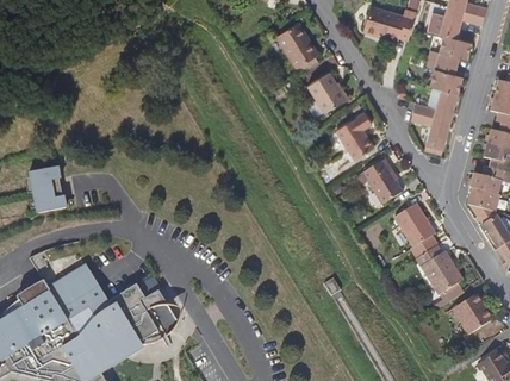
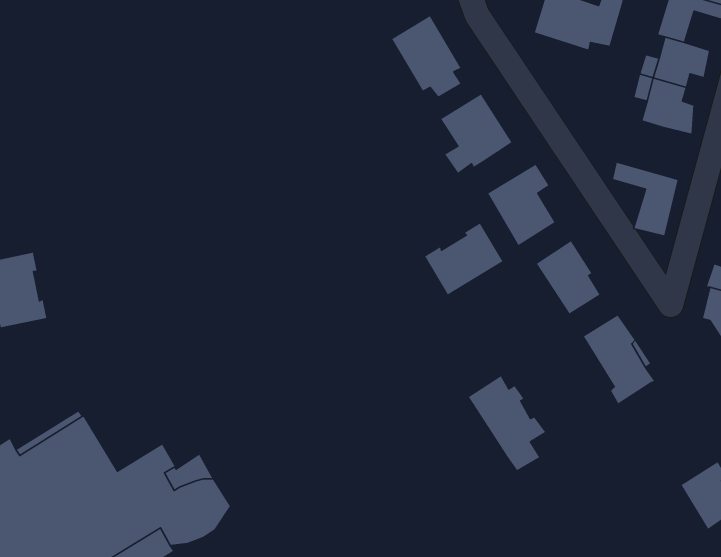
building: [413,89,460,121] -> none
building: none -> [424,222,504,295]
building: [415,245,462,304] -> [468,375,546,471]

